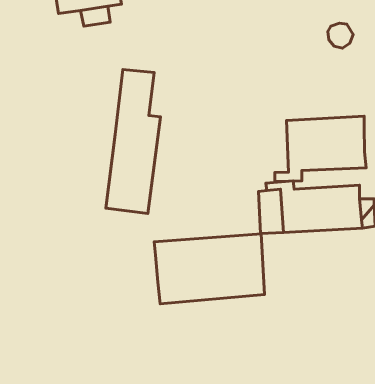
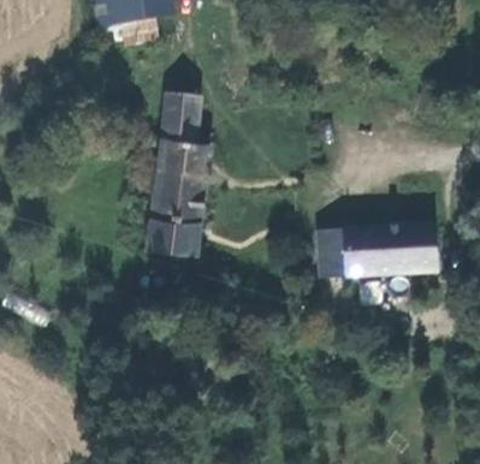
building: [275,116,366,181] -> none
building: [154,234,265,304] -> none

